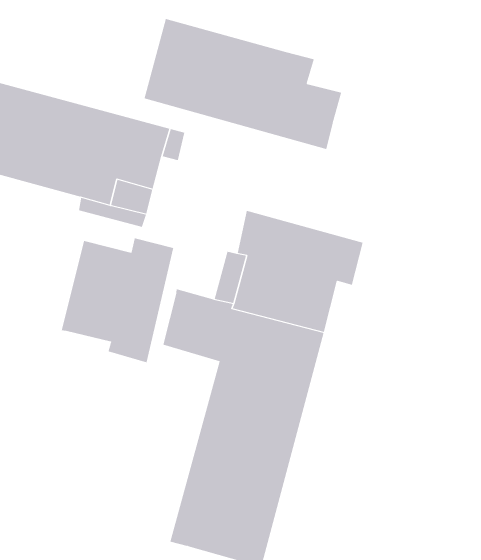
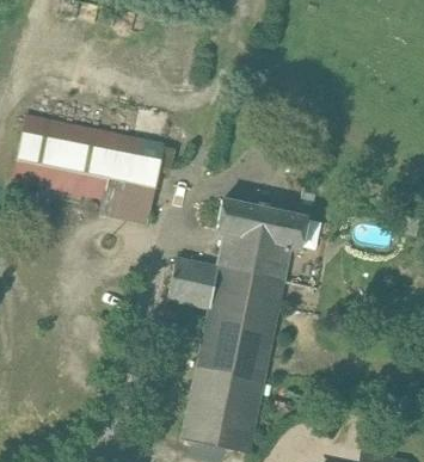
building: [144,18,342,150] -> none
building: [61,237,174,363] -> none

